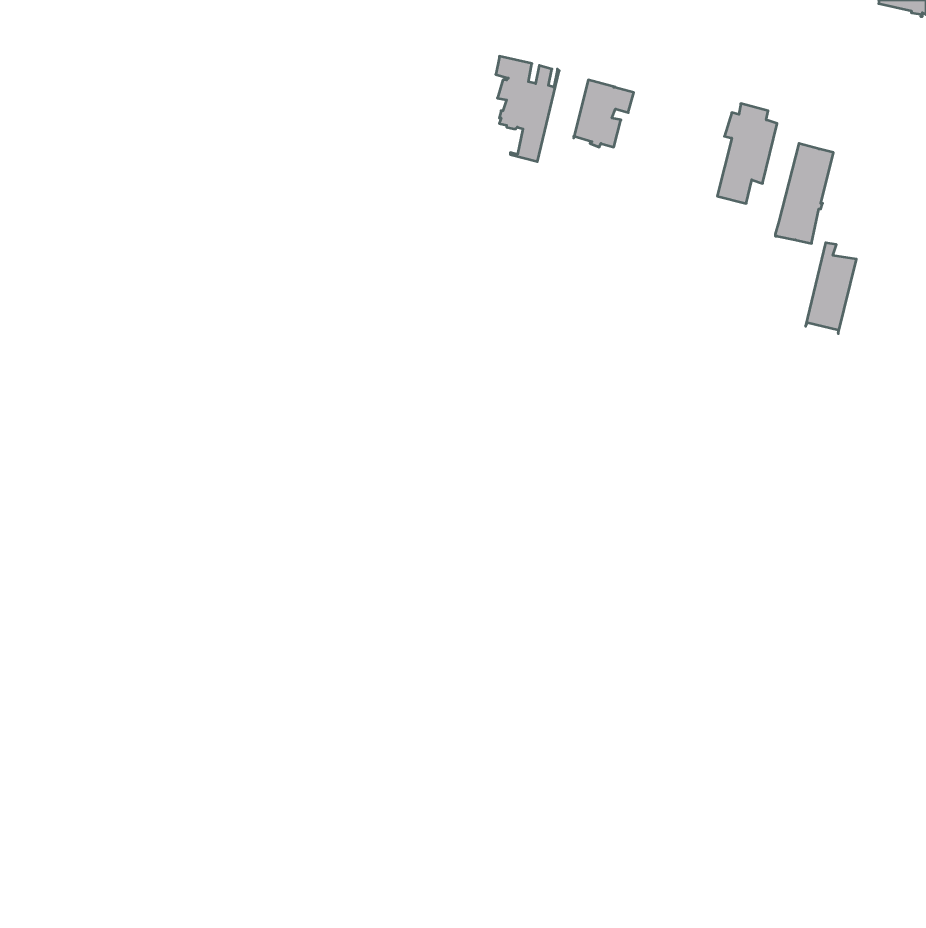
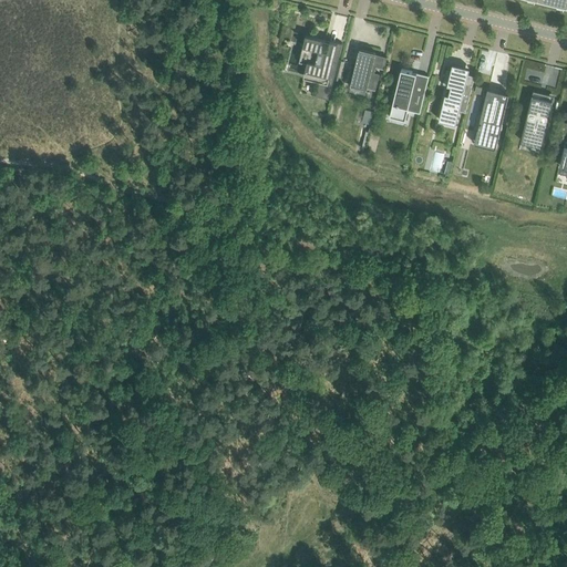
building: none -> [389,69,429,121]
building: [806,243,856,334] -> [520,90,551,145]

